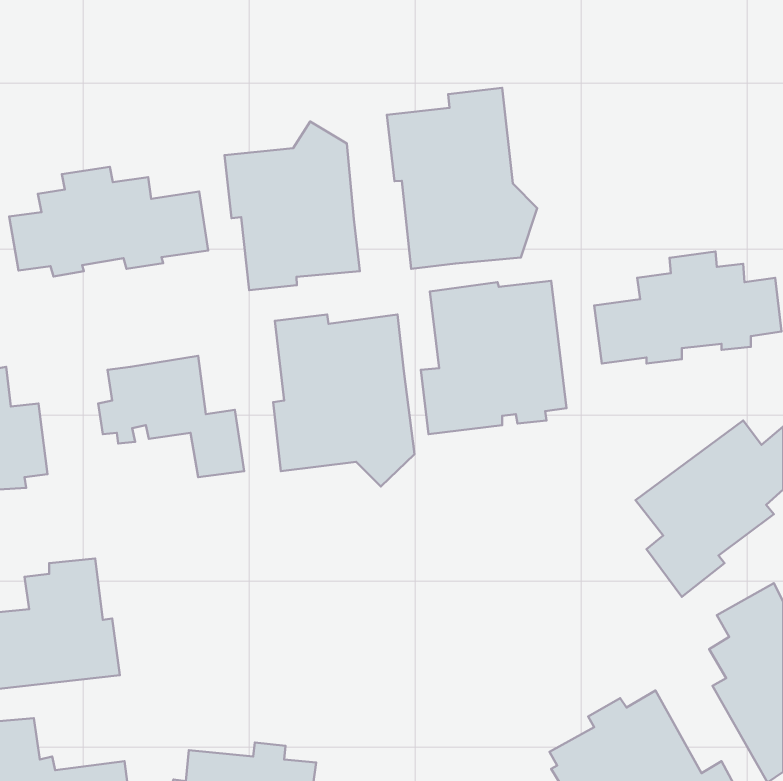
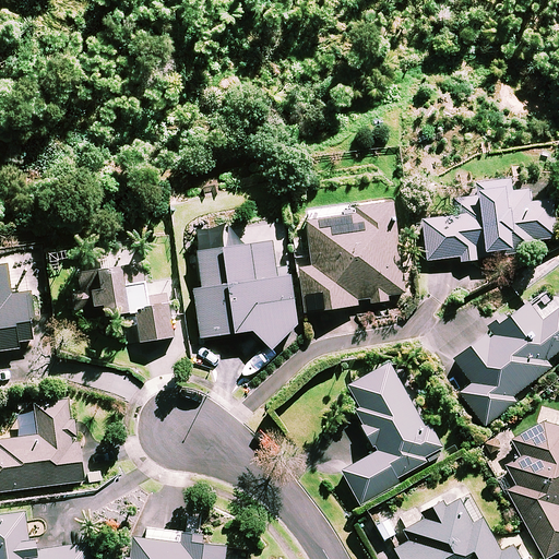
building: [387,88,537,269] -> none
building: [224,121,360,290] -> none
building: [9,167,208,277] -> none
building: none -> [341,364,448,506]

